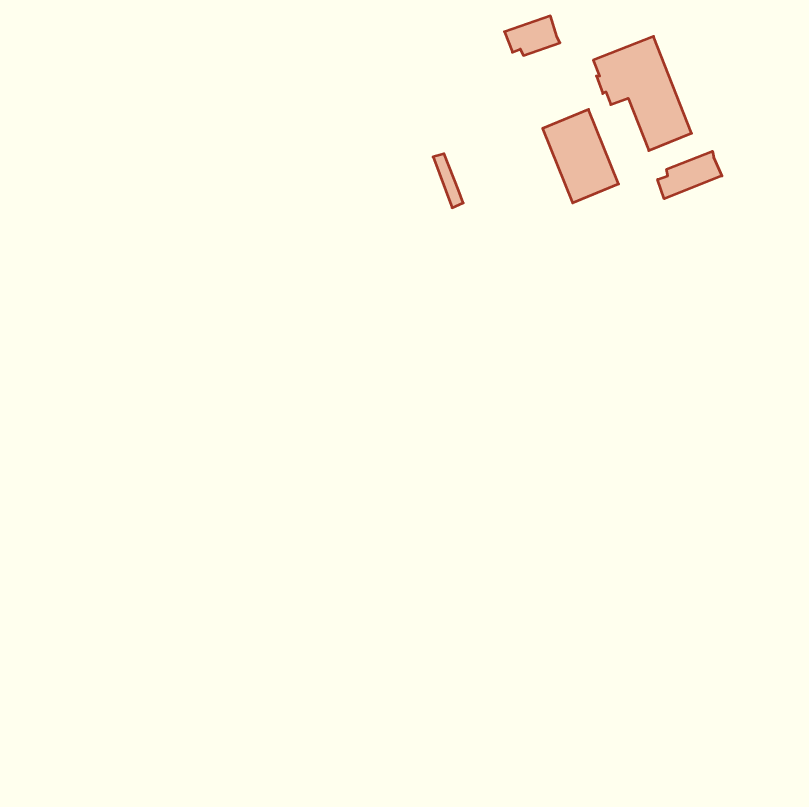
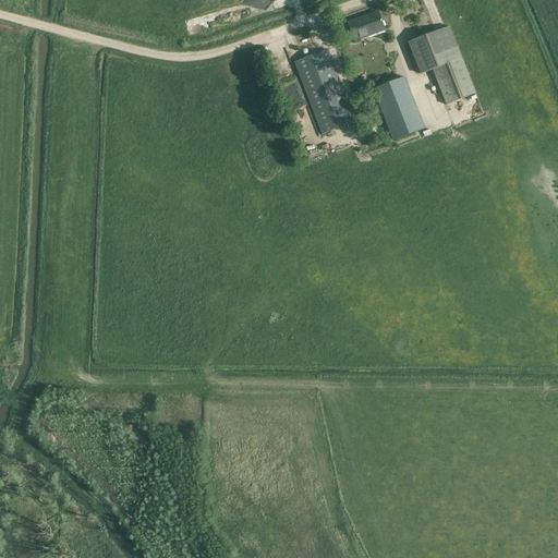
building: none -> [294,48,354,133]
building: [658,151,722,199] -> none

